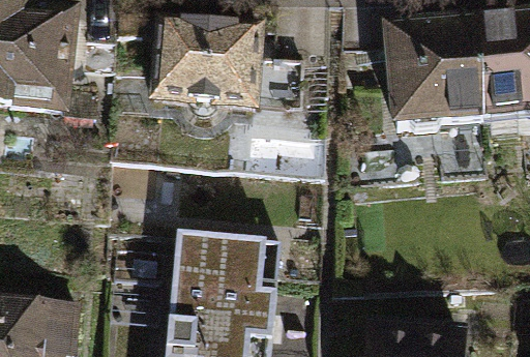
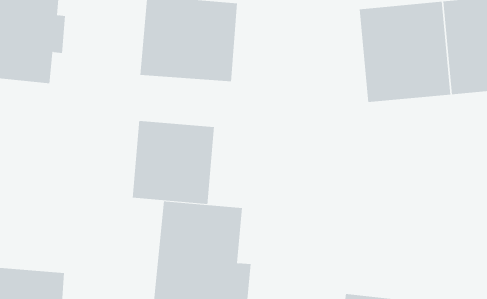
building: none -> [132,120,215,205]

